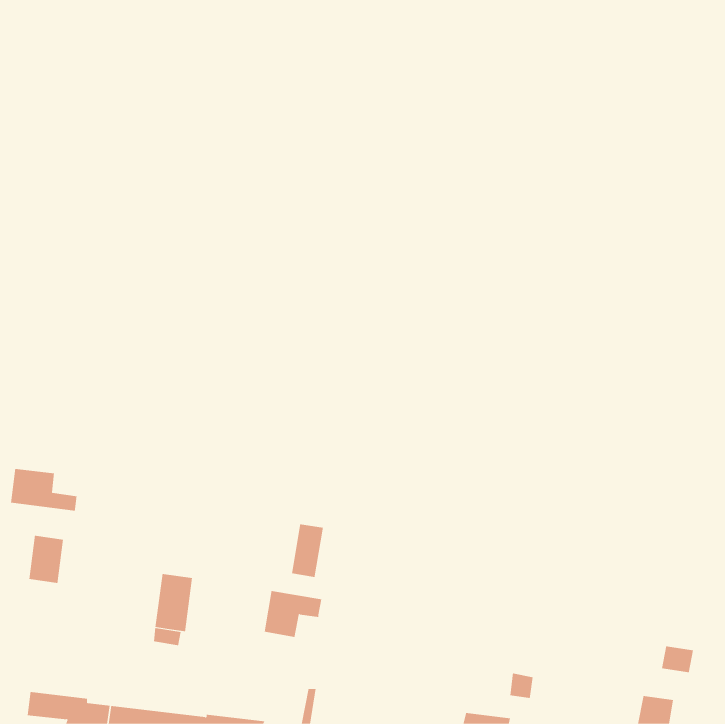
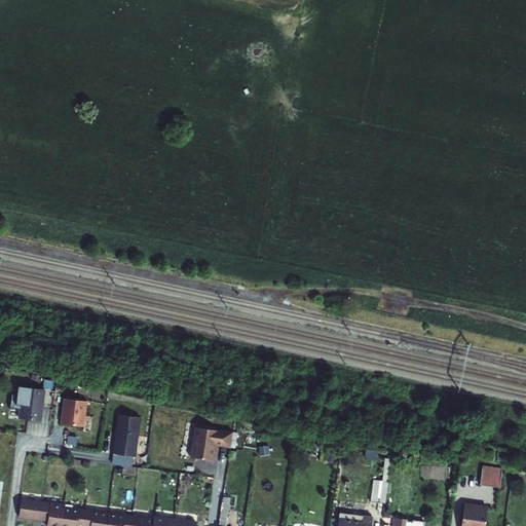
building: [11,468,78,511] -> none
building: [291,523,323,578] -> none
building: none -> [63,399,88,427]

